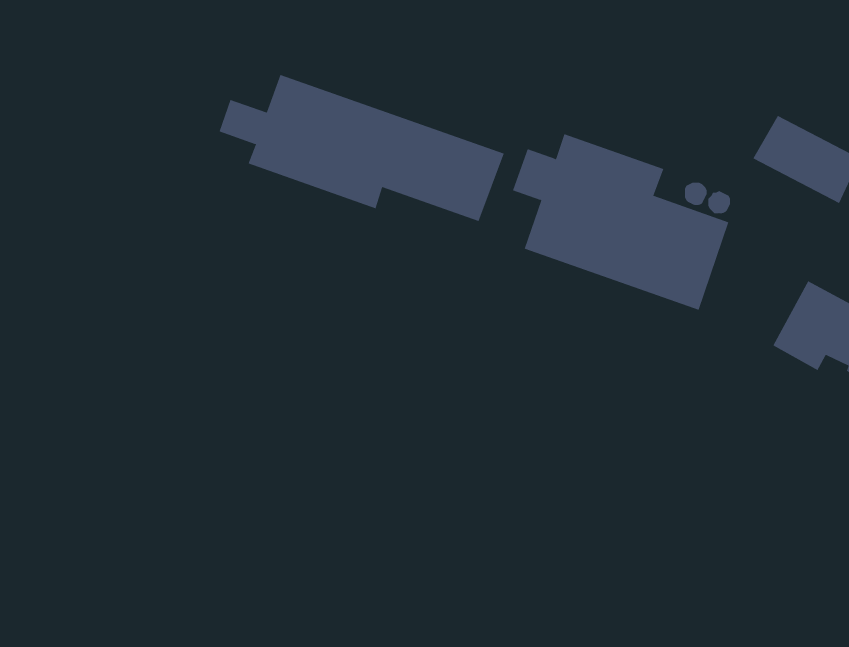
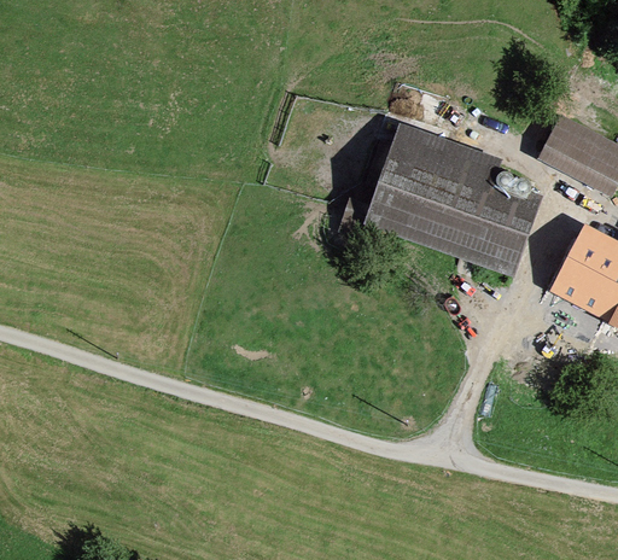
building: [219,74,505,222] -> none

